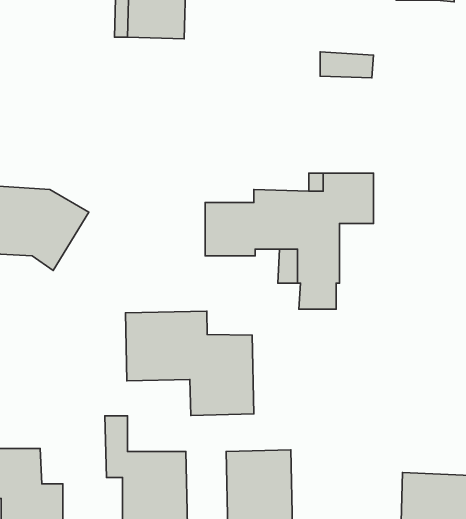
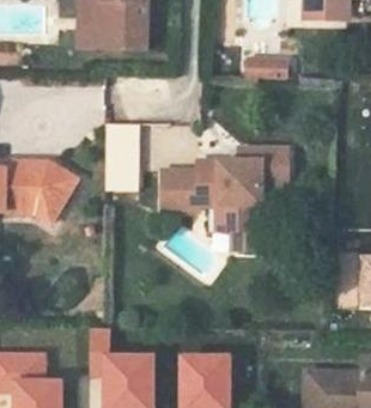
building: none -> [104,124,135,189]
building: [125,311,254,415] -> none

